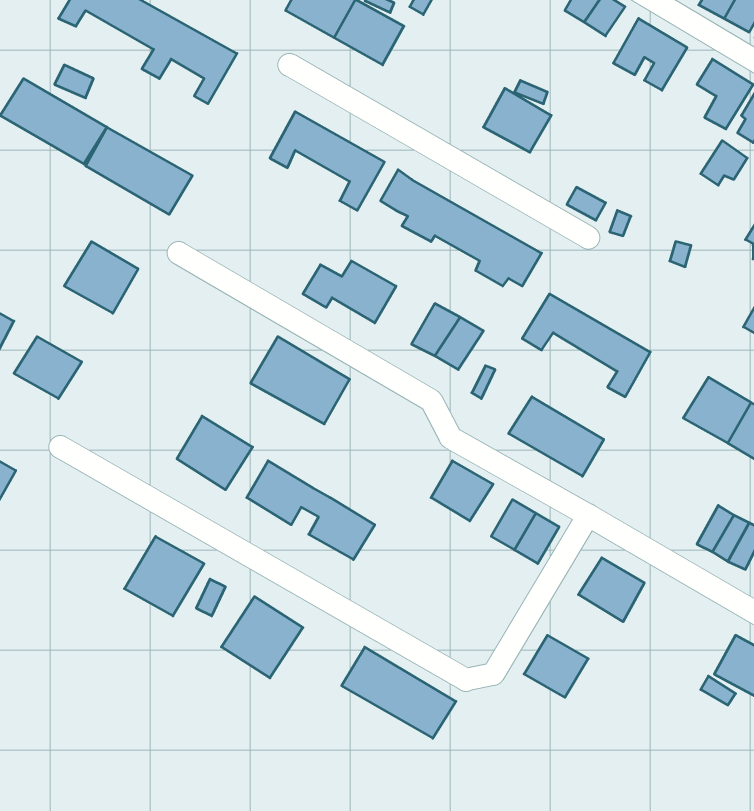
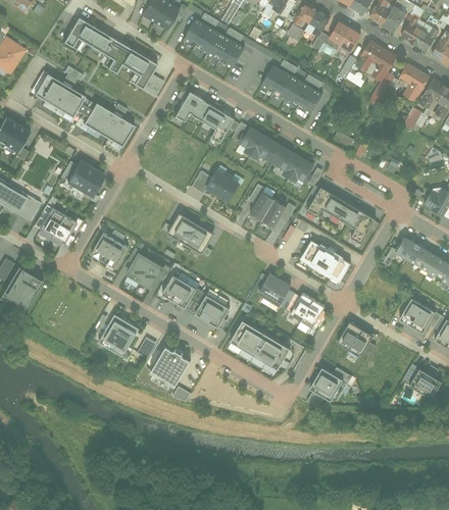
building: none -> [261,64,298,99]
building: none -> [91,233,129,268]
building: [342,647,456,738] -> [231,319,291,367]

